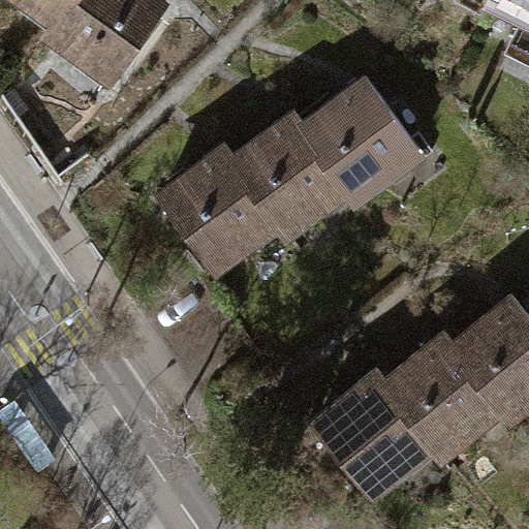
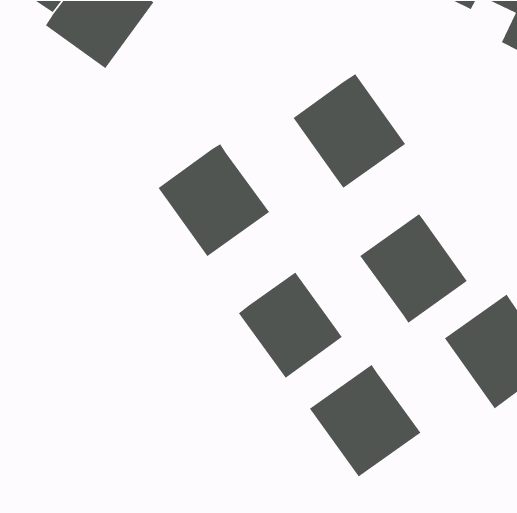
building: [232,118,343,230] -> none
building: none -> [238,271,343,379]
building: [386,342,497,455] -> [359,213,468,324]

